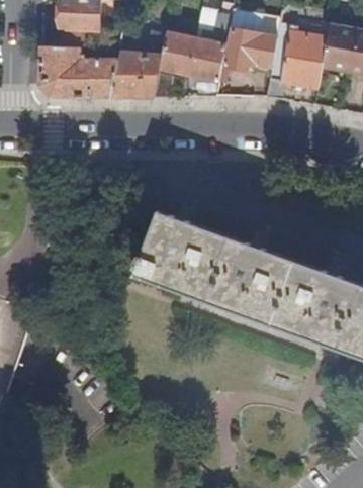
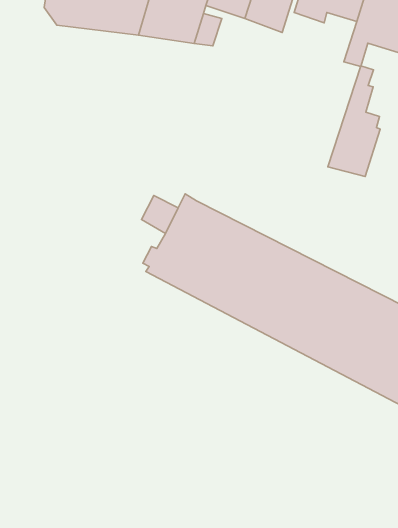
building: none -> [328,66,380,177]

